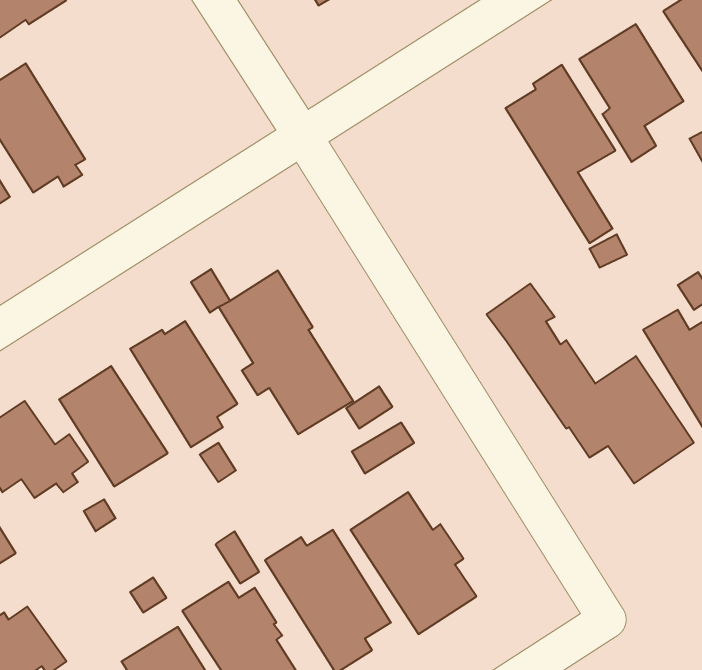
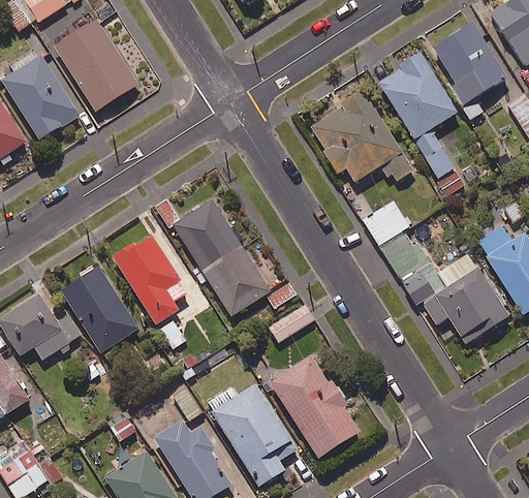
building: none -> [53,17,137,110]
building: none -> [307,88,411,181]

